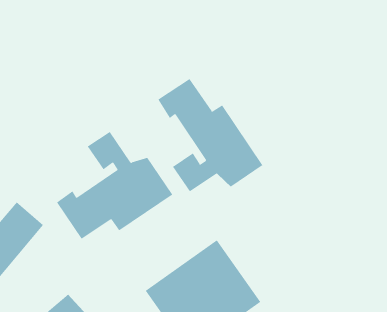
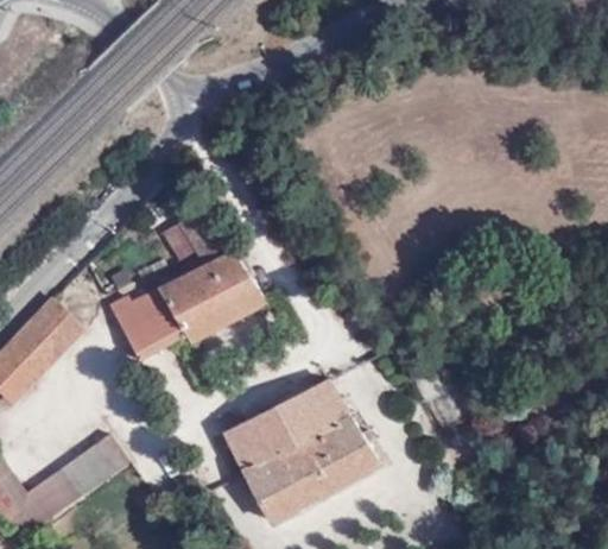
building: [157,78,263,192] -> none

